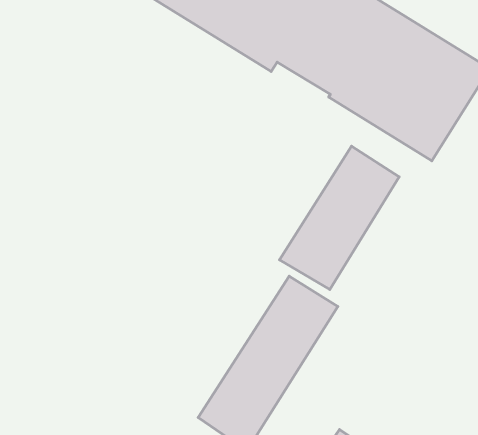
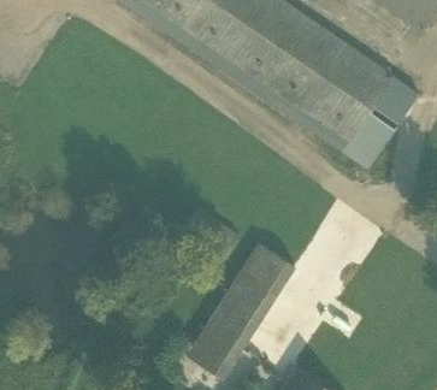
building: [280,146,399,290] -> none

